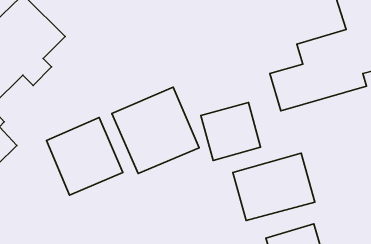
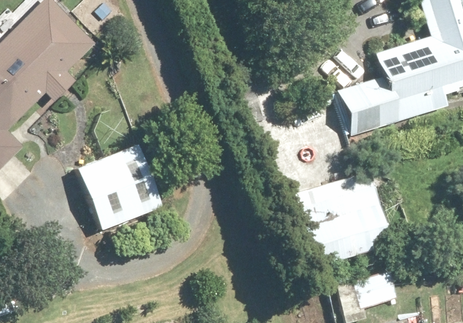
building: [112,87,199,173] -> none
building: [201,103,260,161] -> none

